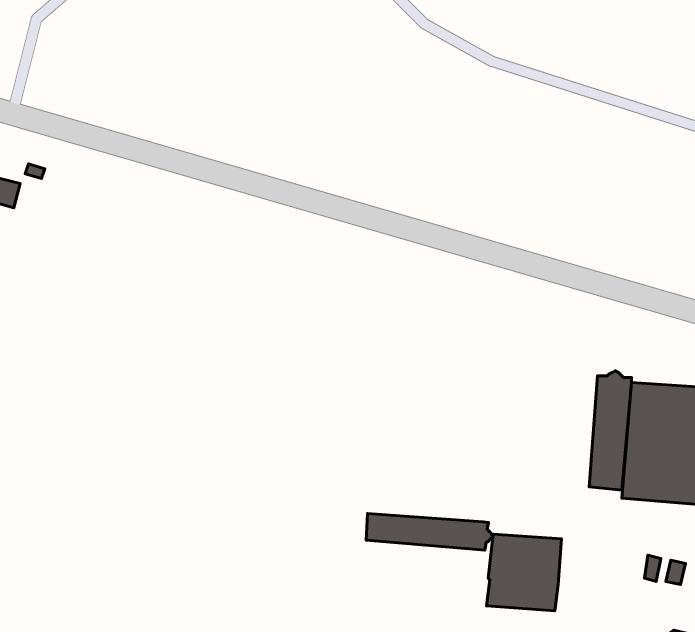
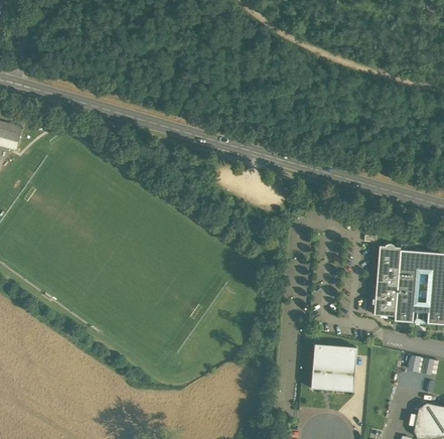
building: [366,513,493,550] -> none

